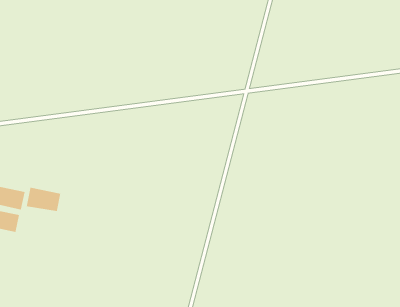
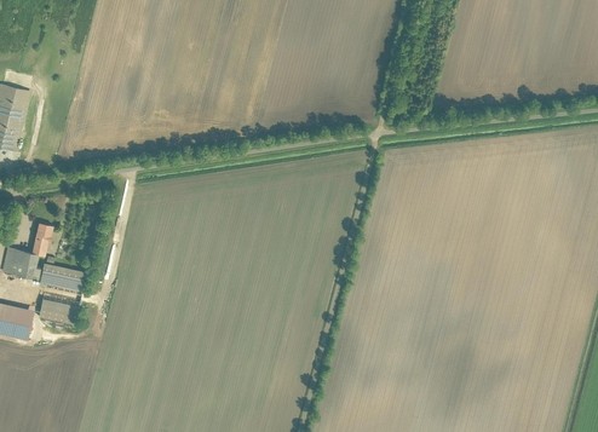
building: [26,187,61,212] -> none

